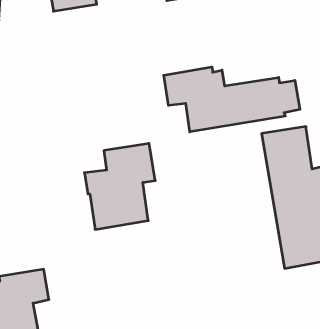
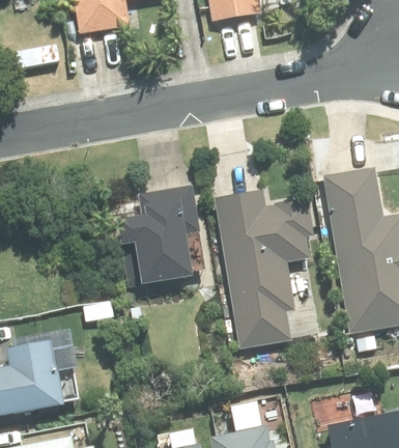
building: [164,67,300,132] -> none
building: none -> [215,189,312,348]

